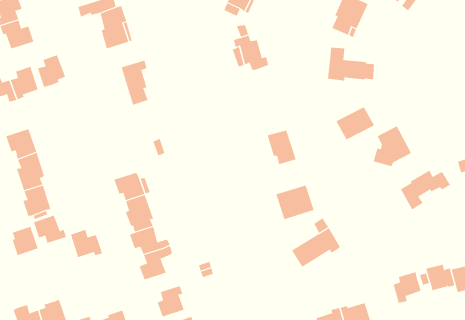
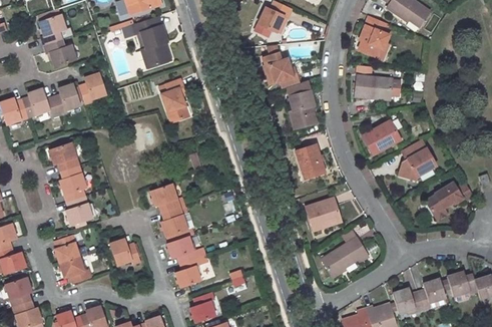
building: none -> [288,80,316,129]
building: [33,215,67,243] -> [60,257,92,284]
building: none -> [391,288,421,313]

